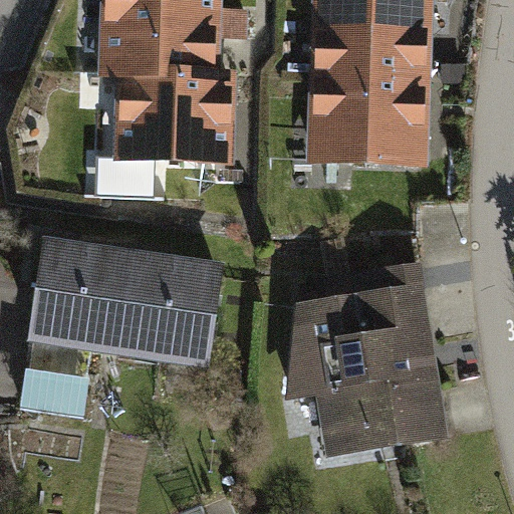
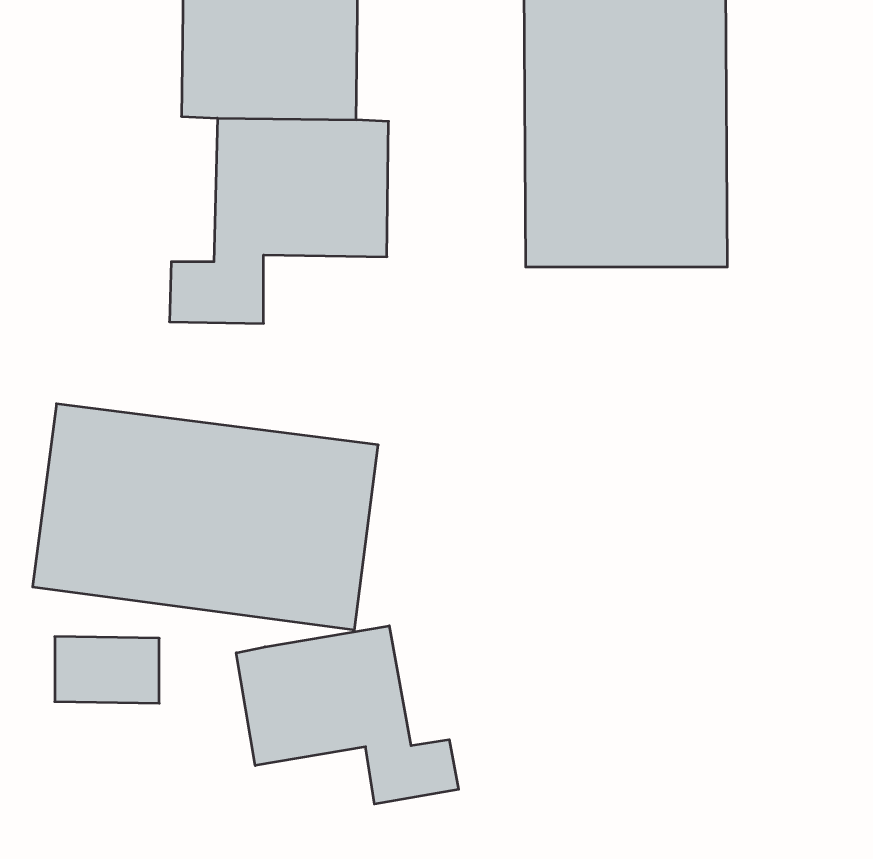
building: [302,275,446,457] -> none
building: none -> [236,626,459,804]

